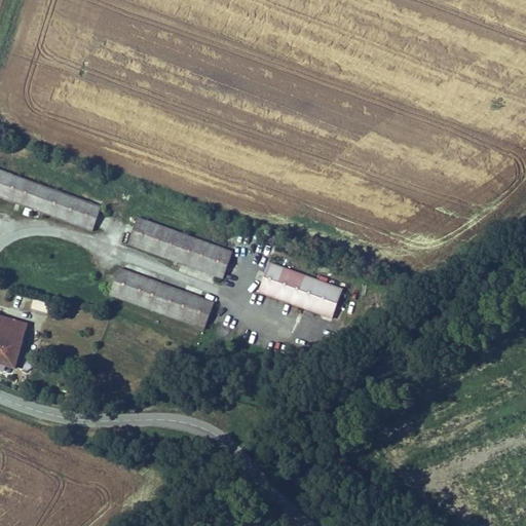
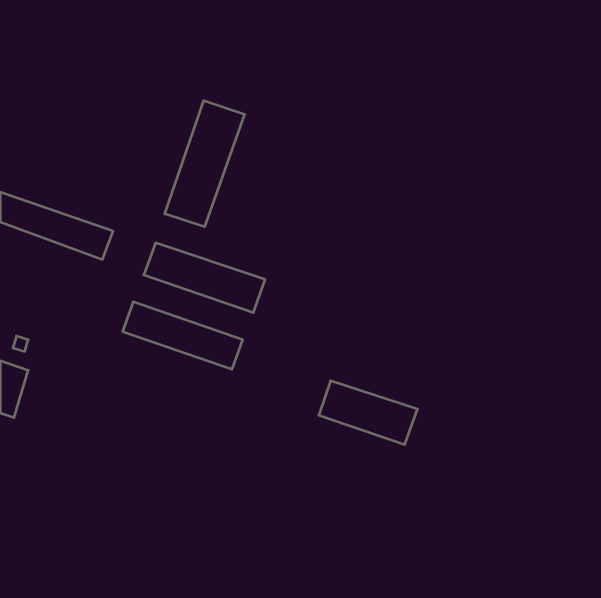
building: none -> [165,101,245,227]
building: [261,260,347,315] -> [319,381,418,445]

